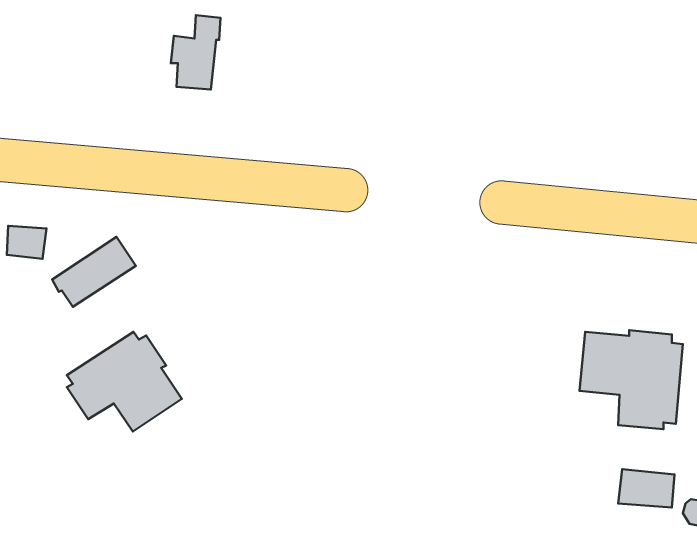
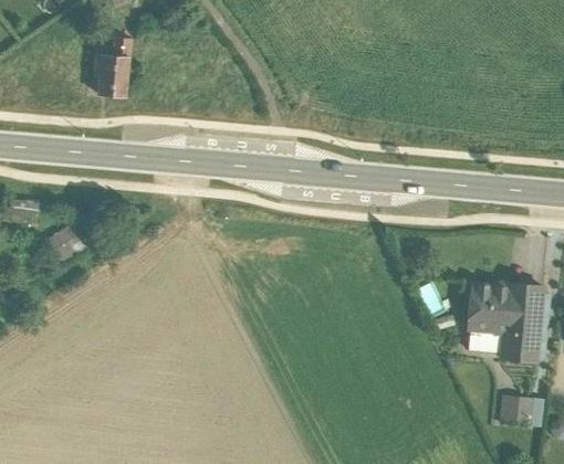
building: [171,15,220,89] -> [93,35,133,95]
building: [67,332,182,431] -> none

